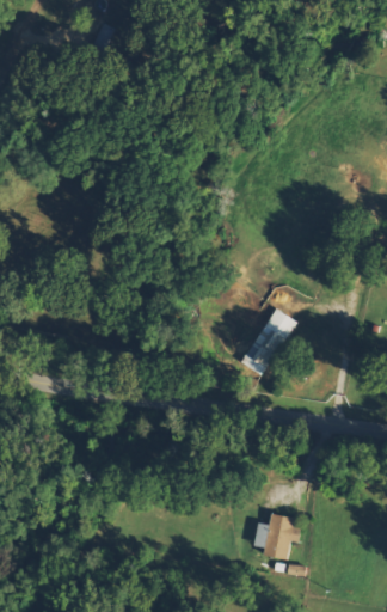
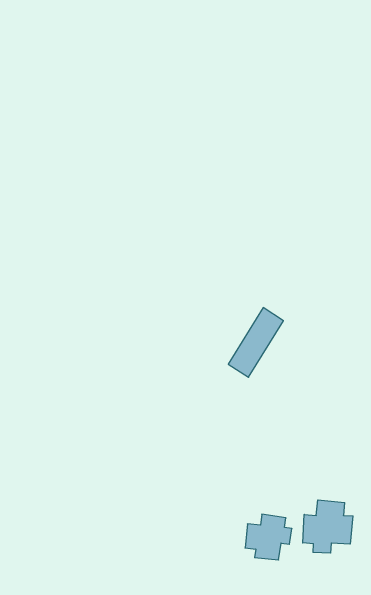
building: none -> [303,500,353,553]

